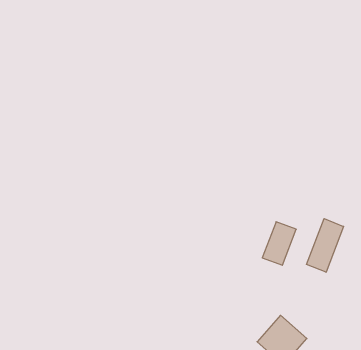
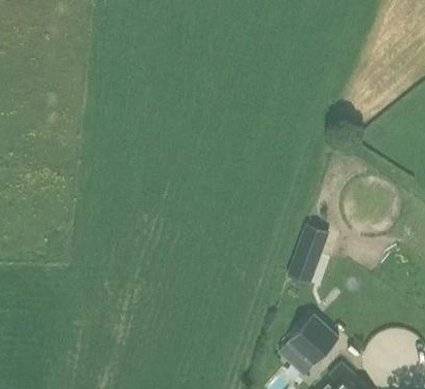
building: [306,219,344,272] -> none

